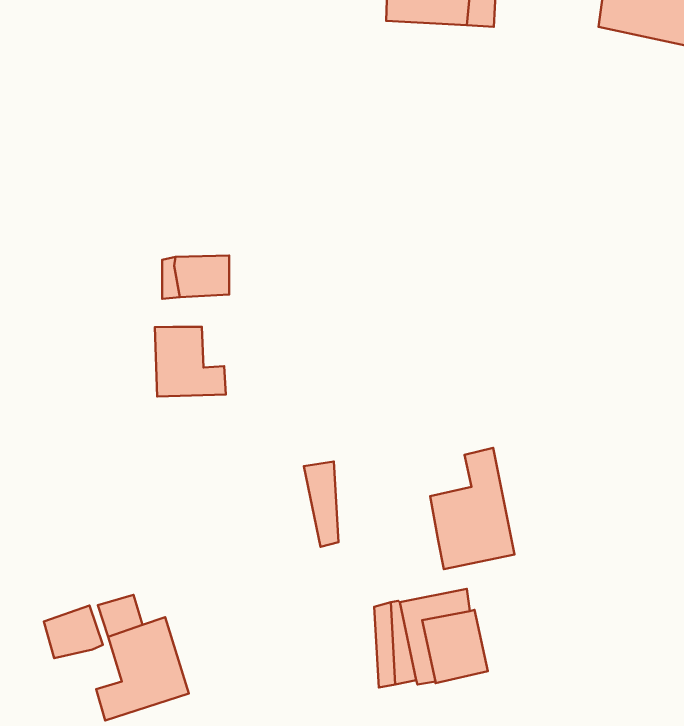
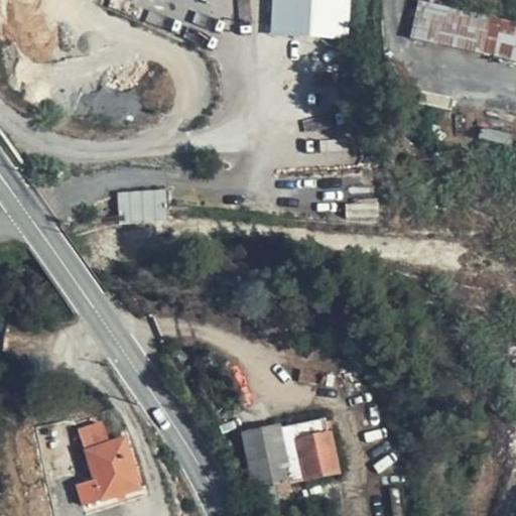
building: [155,327,226,396] -> none
building: [430,448,515,569] -> none
building: [304,462,338,547] -> [243,428,266,486]
building: [44,605,103,658] -> none

